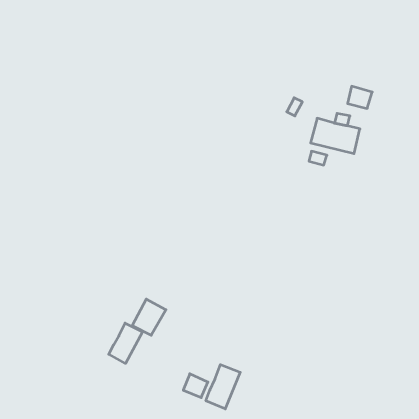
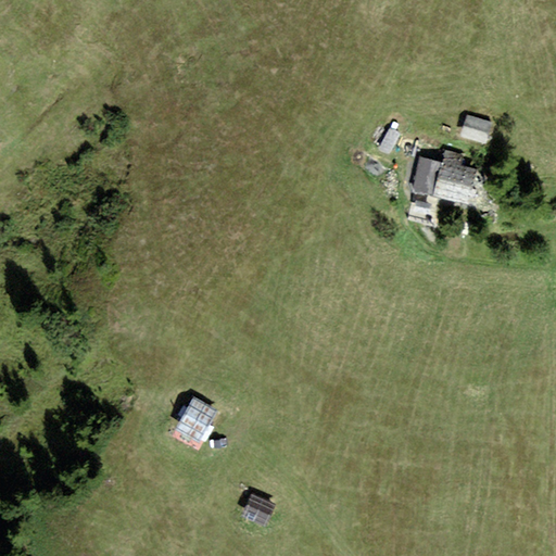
building: [109,323,142,363] -> none
building: [206,365,240,409] -> none

